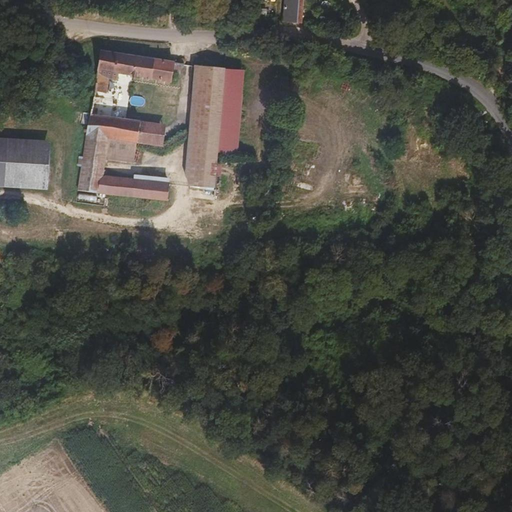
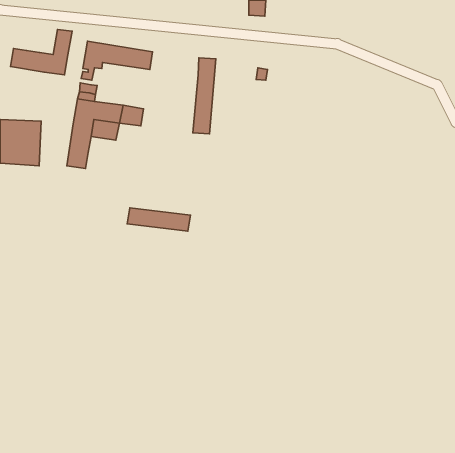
building: none -> [11,30,72,75]
building: [192,64,224,188] -> none
building: [97,174,168,200] -> [127,208,190,231]

